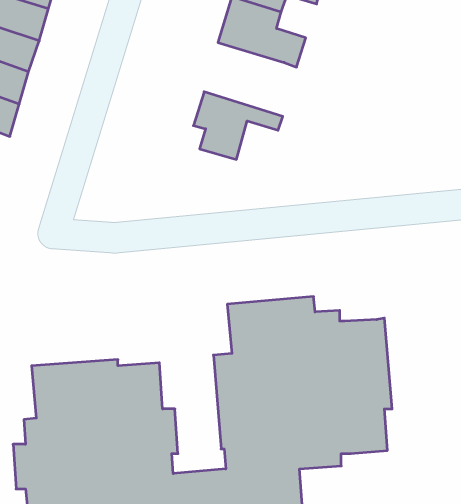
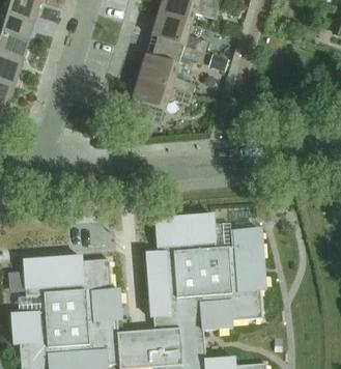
building: none -> [139,41,195,91]

